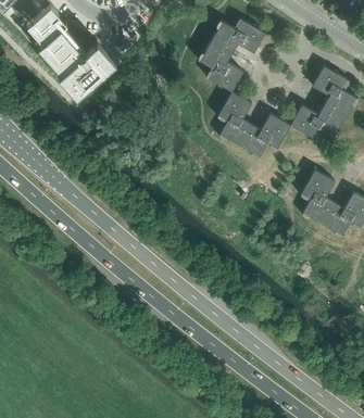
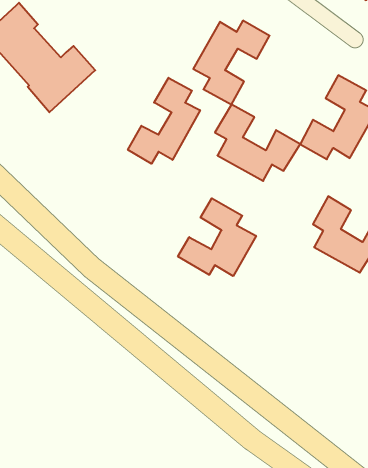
building: none -> [128,78,200,164]
building: none -> [178,198,256,276]

